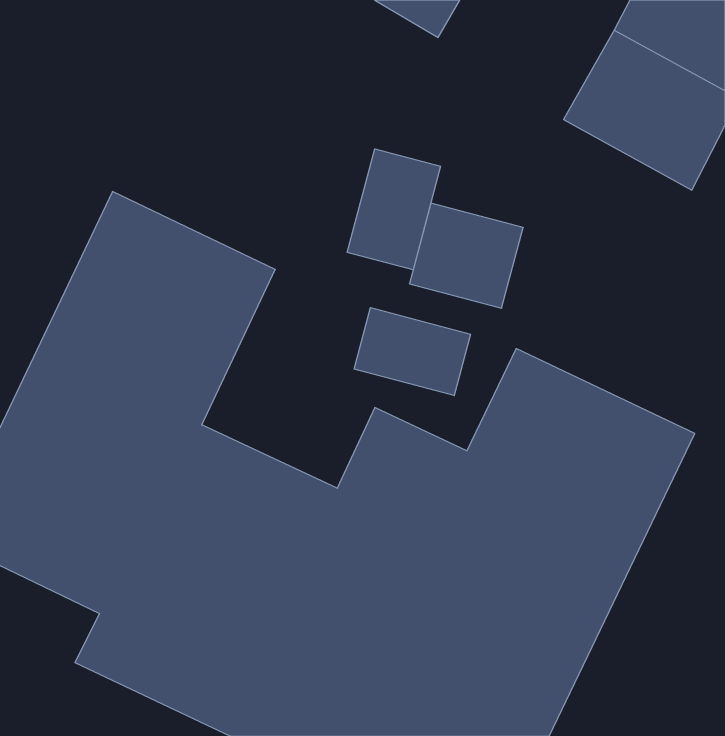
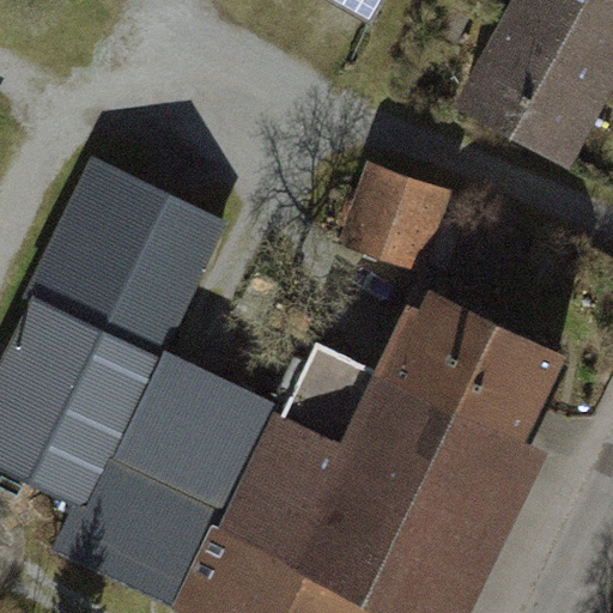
building: [347,149,441,270] -> none
building: [354,308,470,396] -> none

